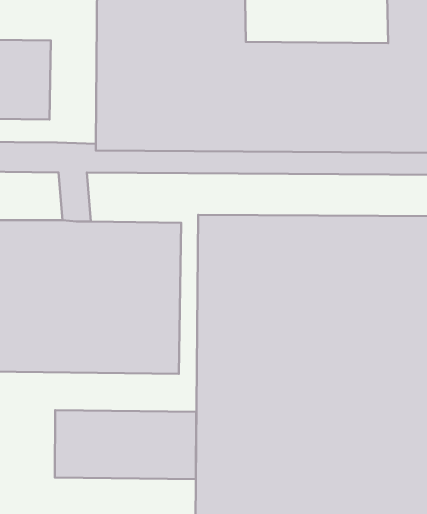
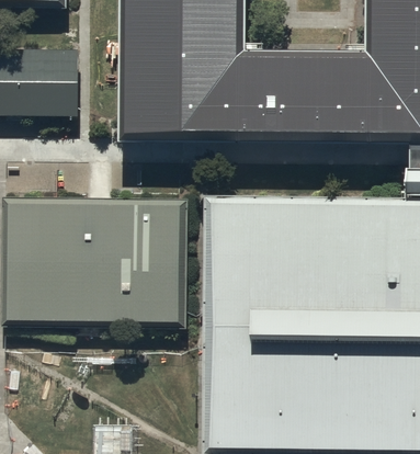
building: [55,410,196,479] -> none

